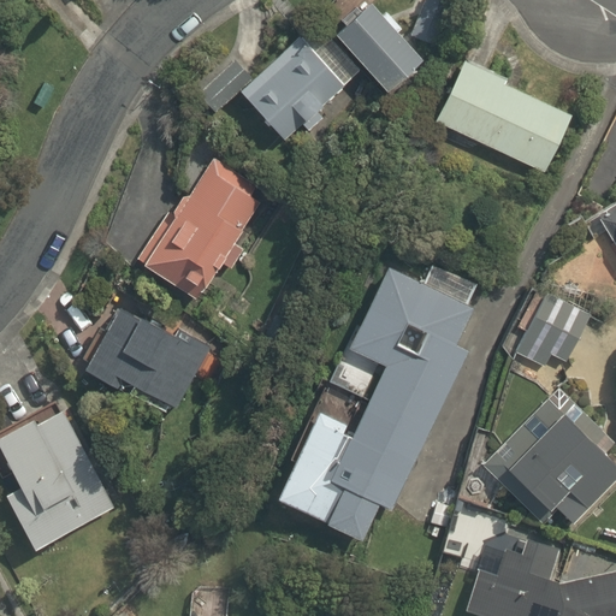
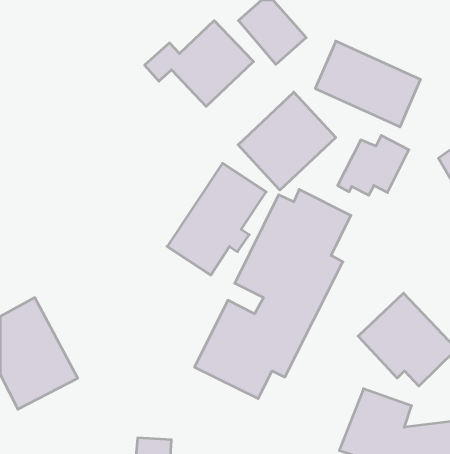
building: none -> [238,92,336,190]
building: [136,153,270,303] -> [167,163,266,275]
building: [499,288,596,368] -> [338,135,409,195]
building: [79,303,218,414] -> none

